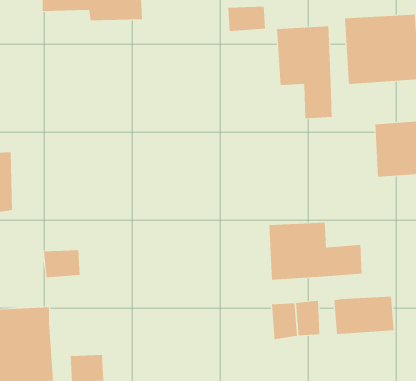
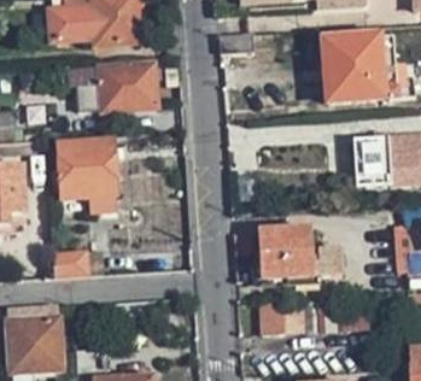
building: [277,25,332,119] -> none
building: none -> [75,65,156,110]
building: none -> [53,140,117,213]

